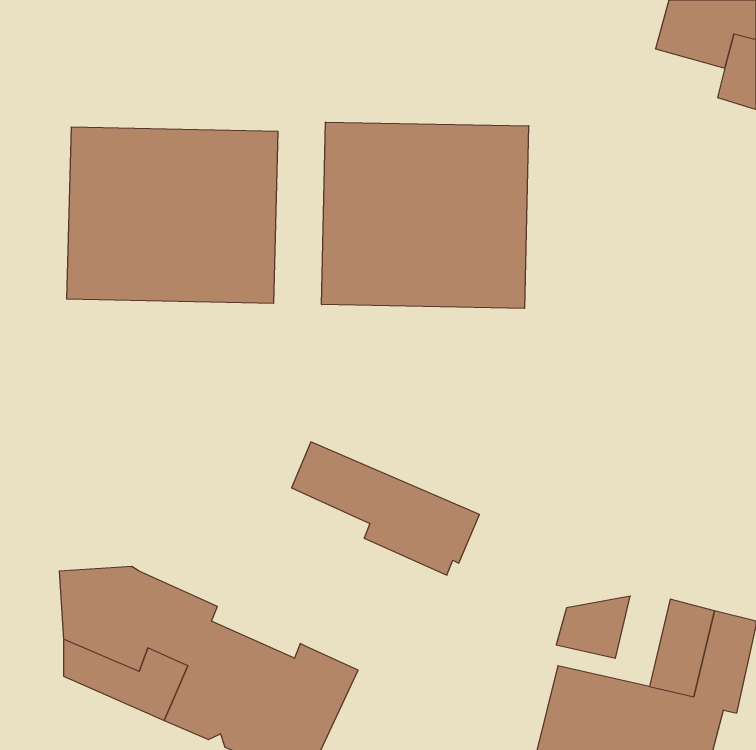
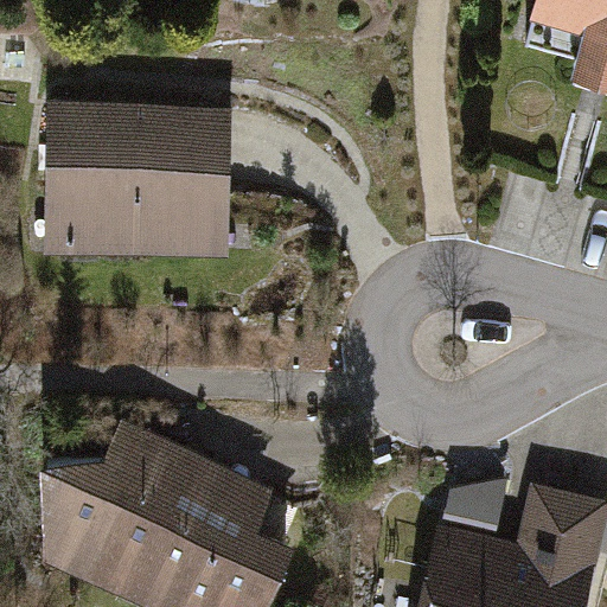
building: [322,122,529,308] -> none
building: [292,442,479,575] -> [111,426,262,532]

